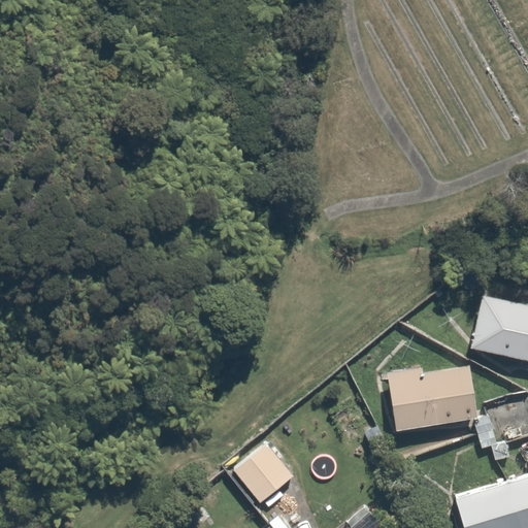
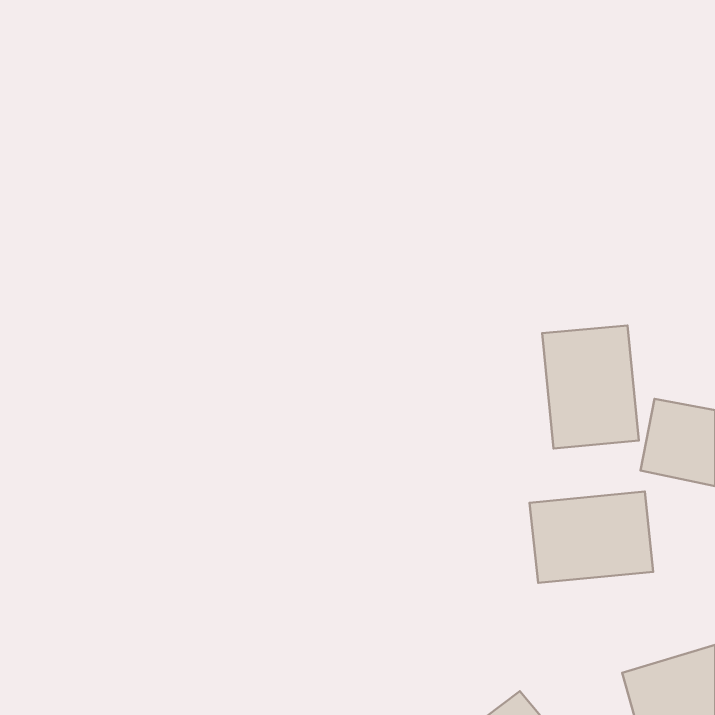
building: none -> [542,325,639,448]
building: [235,444,298,507] -> none

